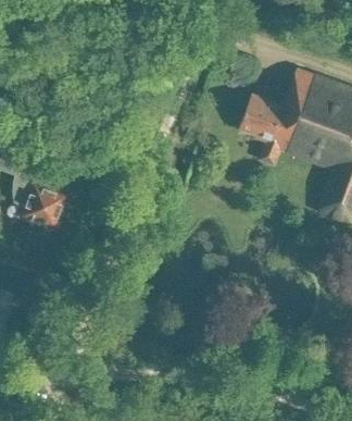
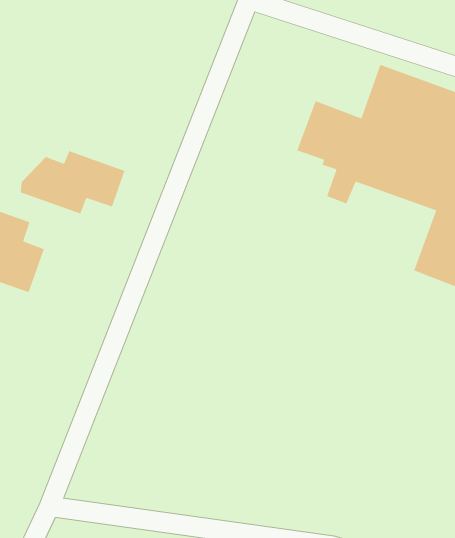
building: none -> [20,150,126,214]

